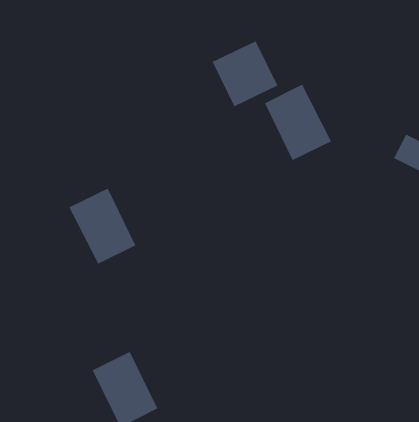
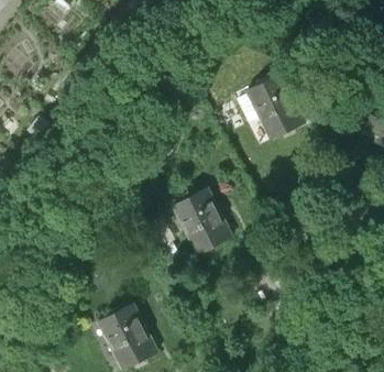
building: [212,40,278,107] -> none
building: [69,188,136,265] -> [173,187,231,253]

